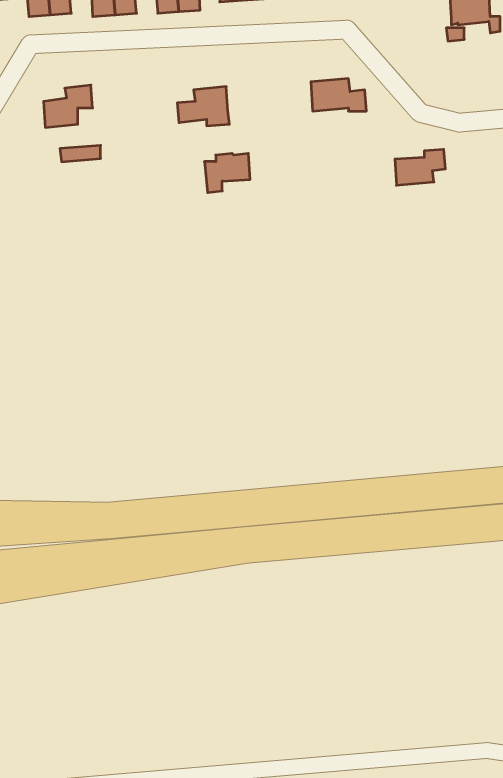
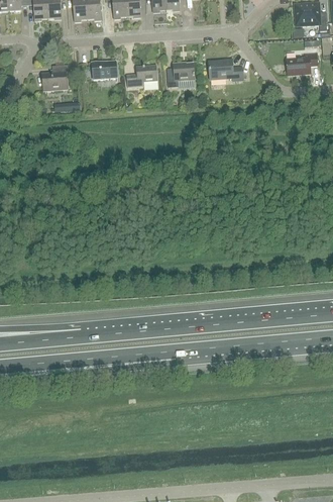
building: none -> [92,60,116,78]
building: [395,149,445,185] -> [286,52,317,74]
building: [204,153,250,193] -> [166,62,195,86]

